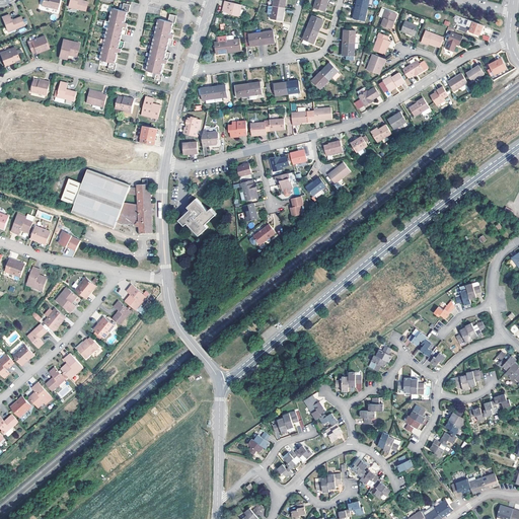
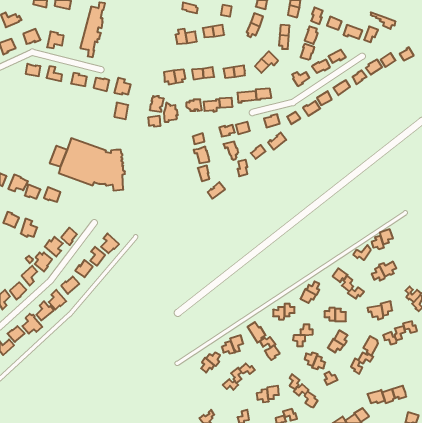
building: [144,13,173,81] -> none
building: [179,199,215,235] -> none

